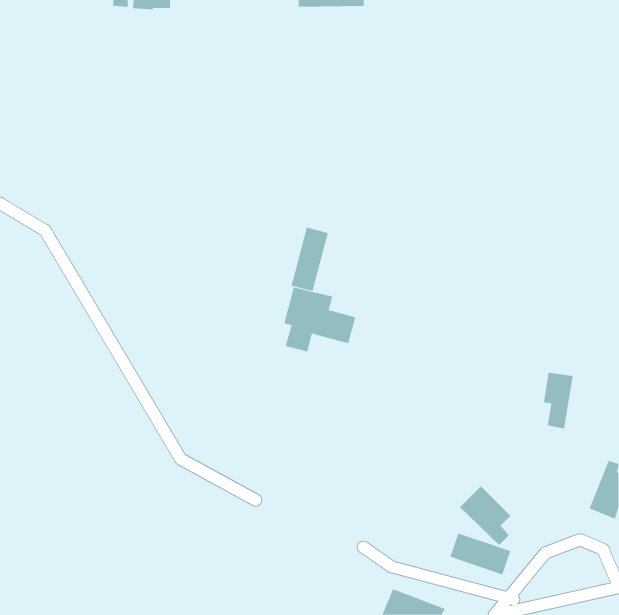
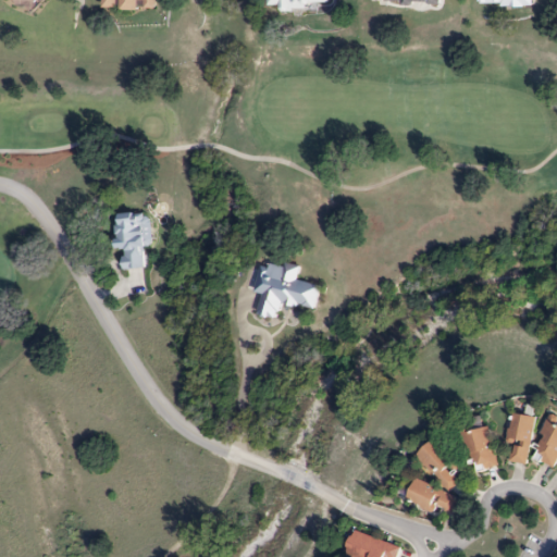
building: [291,227,329,292] -> none
building: none -> [114,211,151,267]
building: [543,372,573,429] -> [505,412,532,463]
building: none -> [461,425,496,471]

